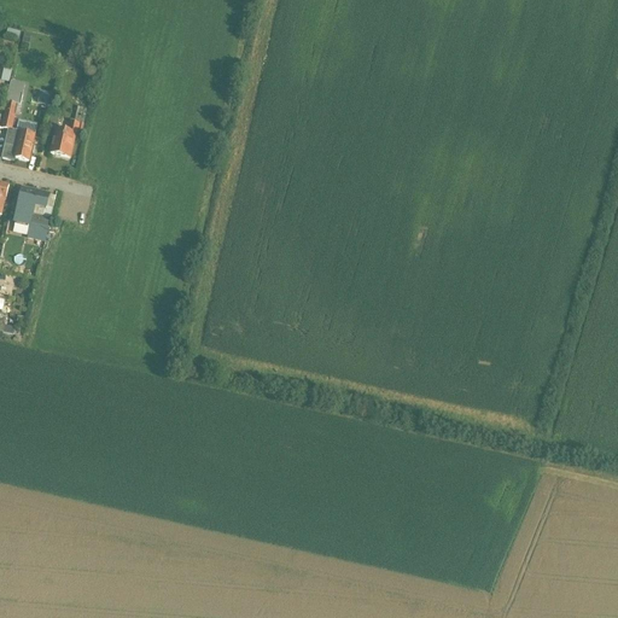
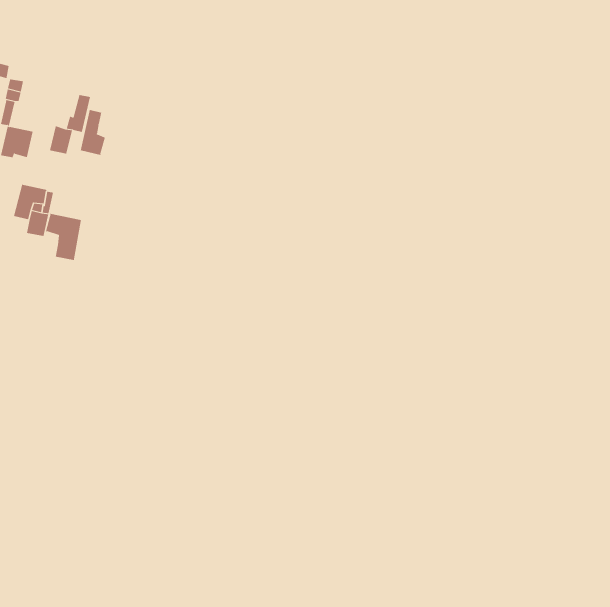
building: none -> [80,109,106,156]
building: none -> [45,213,81,261]

